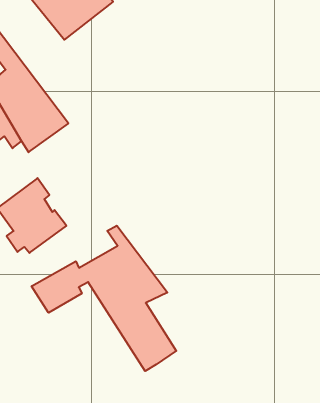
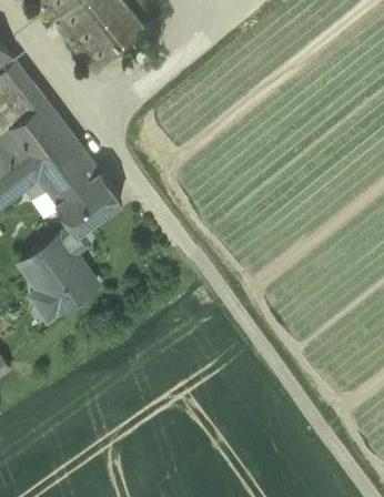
building: none -> [52,168,120,231]
building: [32,226,176,371] -> none

